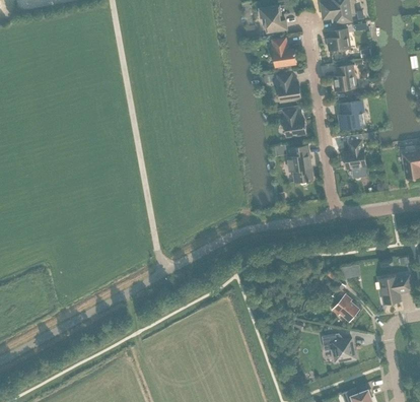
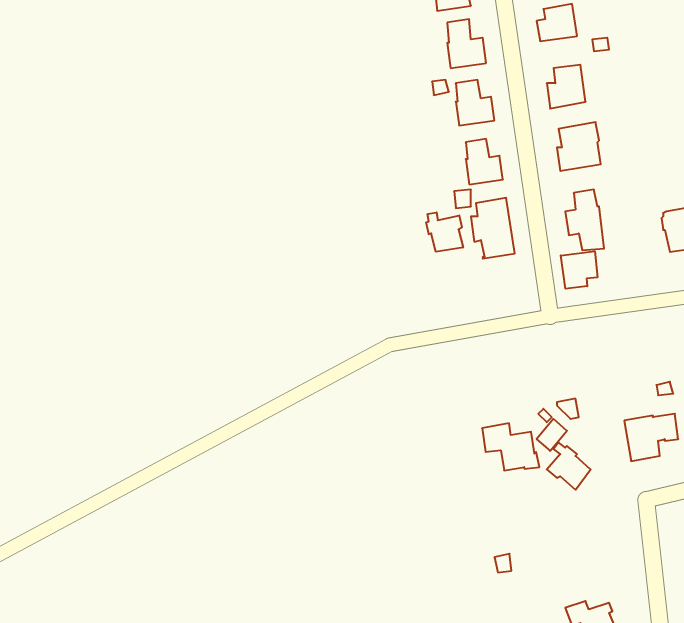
building: none -> [426,212,463,252]
building: none -> [561,251,597,289]
building: [322,333,356,361] -> [482,423,539,470]

